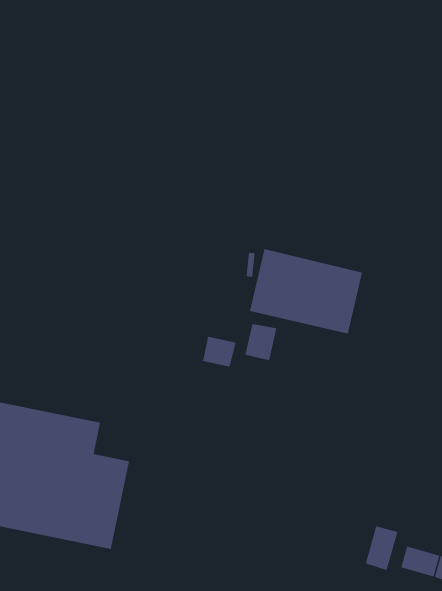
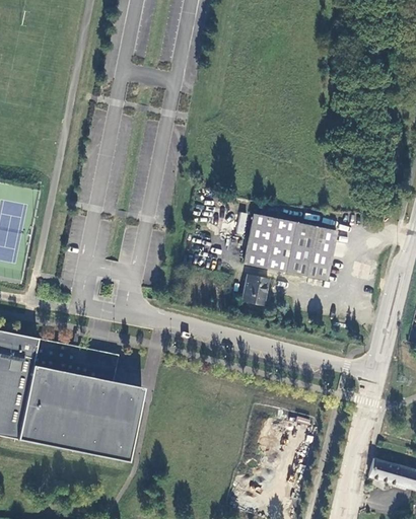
building: [202,336,236,367] -> none
building: [365,526,398,571] -> none

